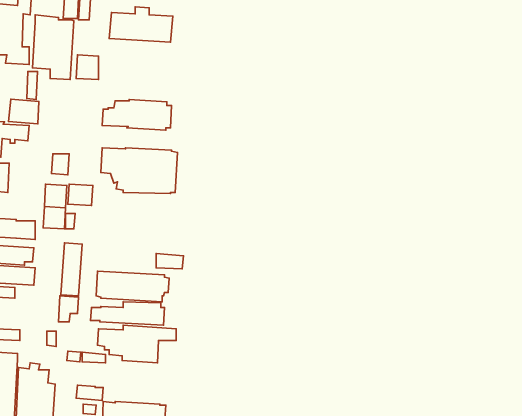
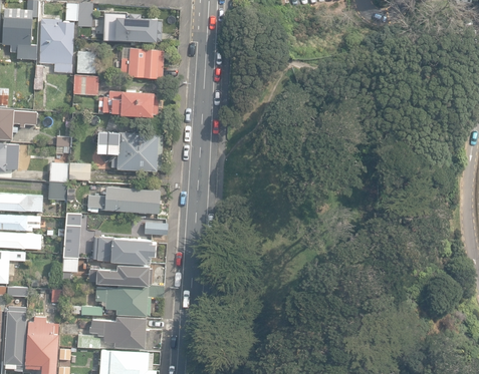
building: none -> [118,47,164,79]
building: [8,99,39,124] -> [72,75,98,96]
building: none -> [87,186,160,214]
building: none -> [88,315,149,347]

